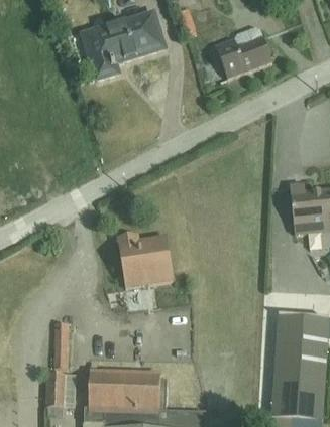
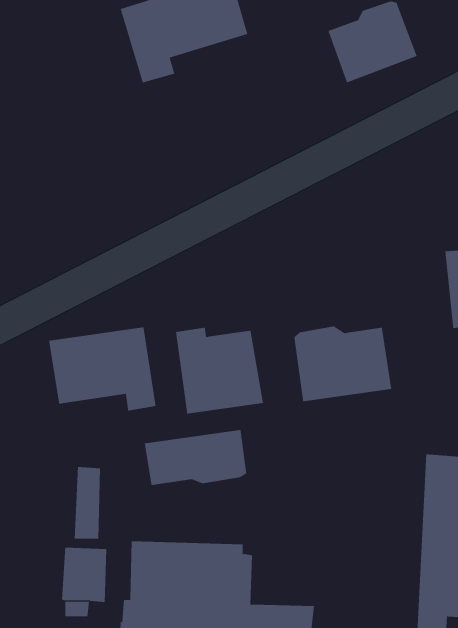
building: none -> [294,326,392,402]
building: none -> [48,327,156,411]
building: none -> [144,429,247,486]

